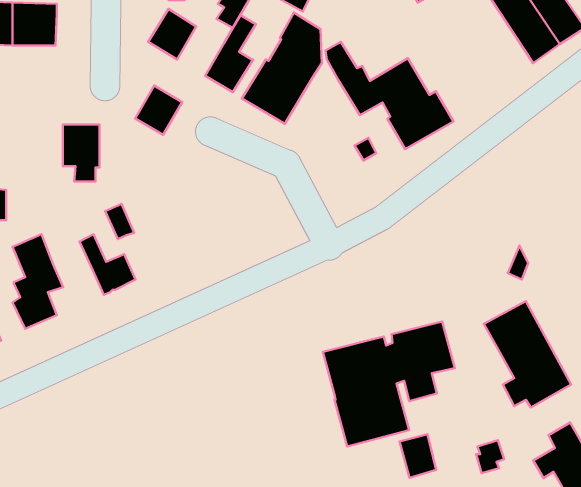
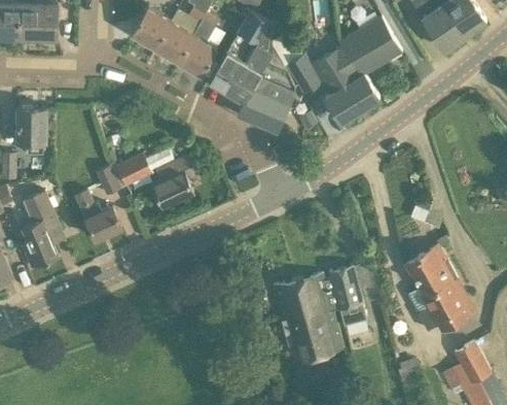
building: none -> [339,19,402,78]
building: none -> [238,64,295,132]
building: [135,86,182,135] -> [155,23,193,63]
building: [63,125,99,182] -> [16,109,46,156]
building: none -> [116,155,153,188]
building: none -> [152,158,195,209]
building: [400,434,436,478] -> none

